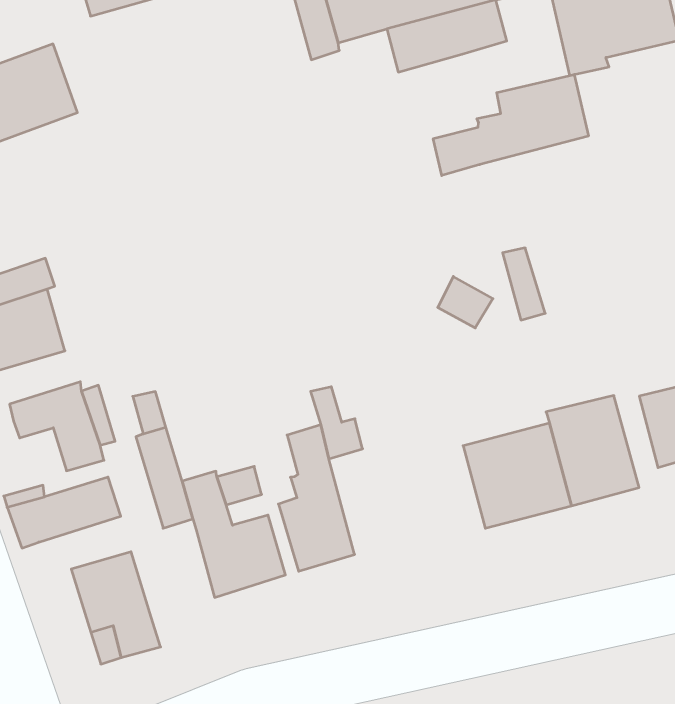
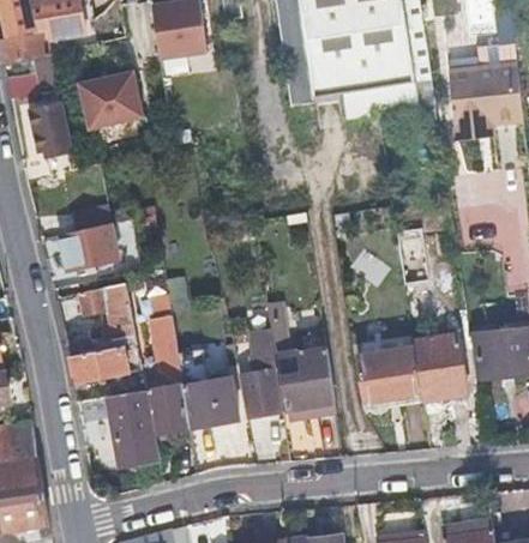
building: [433,74,588,176] -> none
building: none -> [282,346,335,409]
building: none -> [143,384,191,434]

